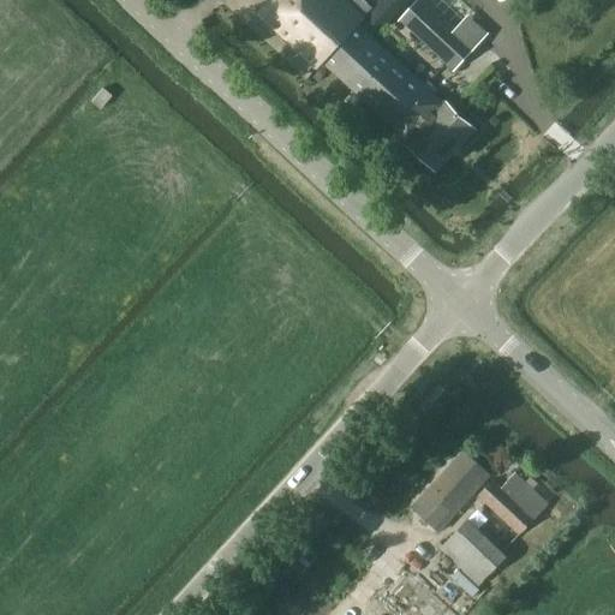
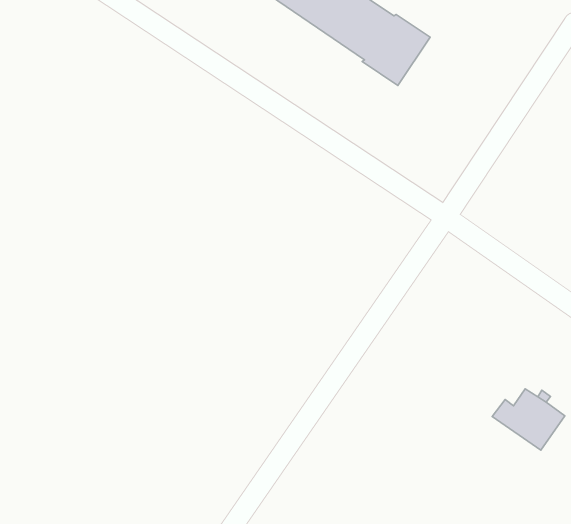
building: [416,450,490,526] -> none
building: [441,519,507,584] -> none

